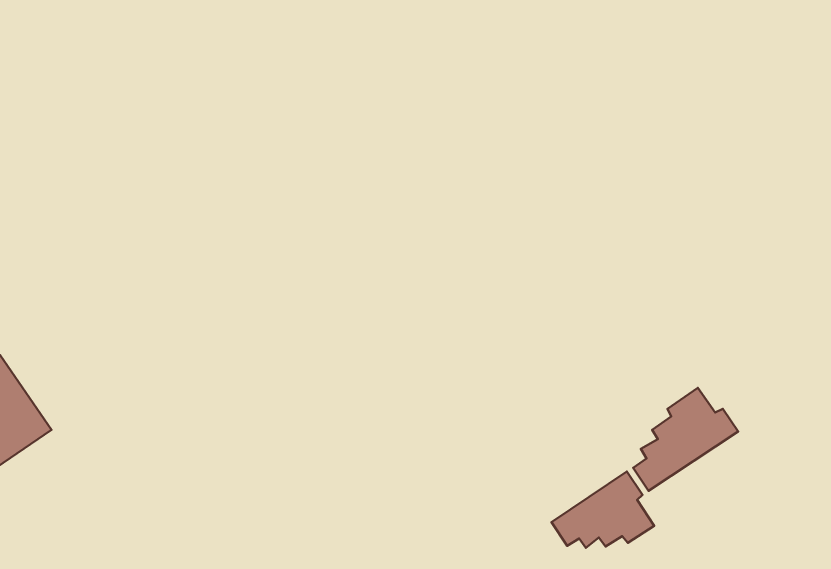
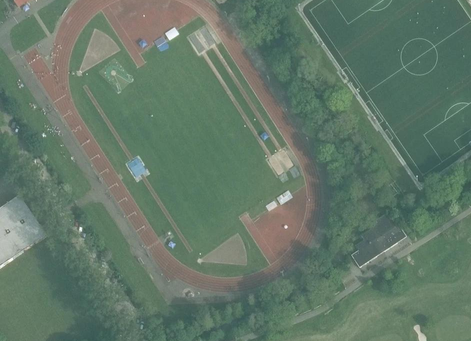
building: [552,471,654,548] -> none

